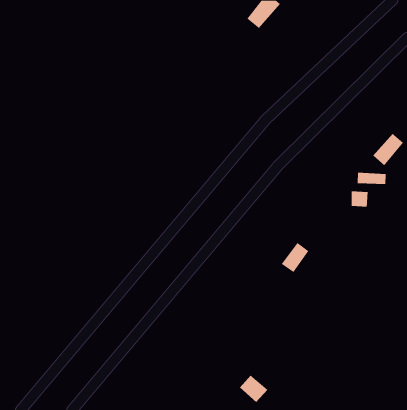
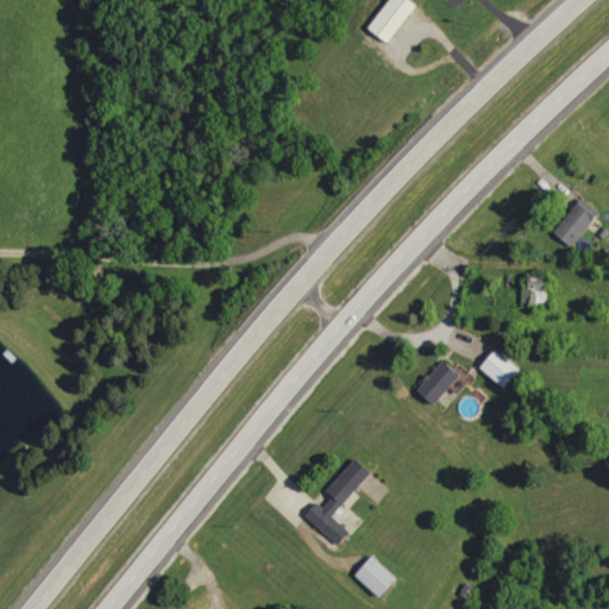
building: [357,172,386,185] -> none
building: none -> [478,349,519,389]
building: none -> [304,457,371,545]

